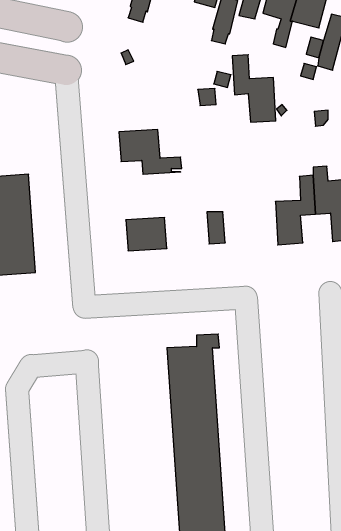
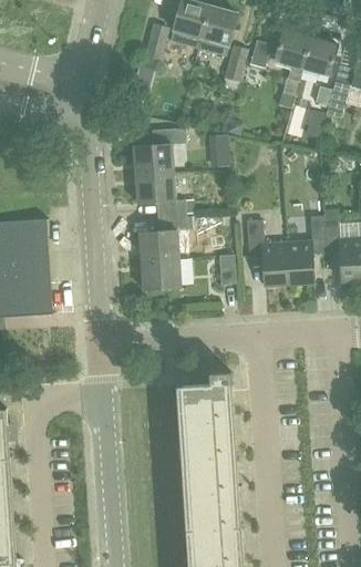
building: [232,55,276,122] -> [246,221,288,287]
building: none -> [132,130,185,176]
building: none -> [138,215,195,261]

